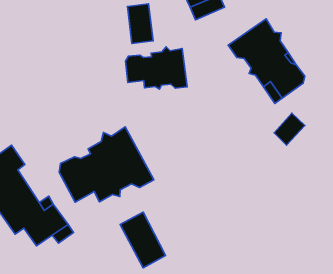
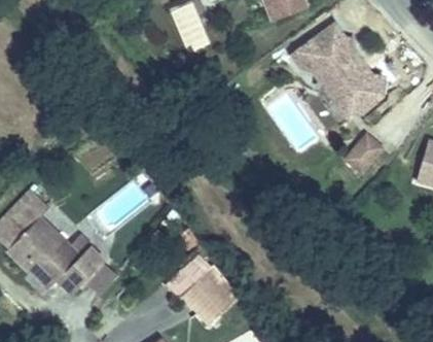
building: [125,47,187,89] -> none
building: [59,127,154,202] -> none

